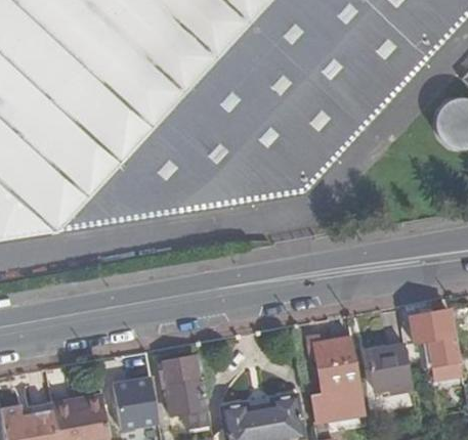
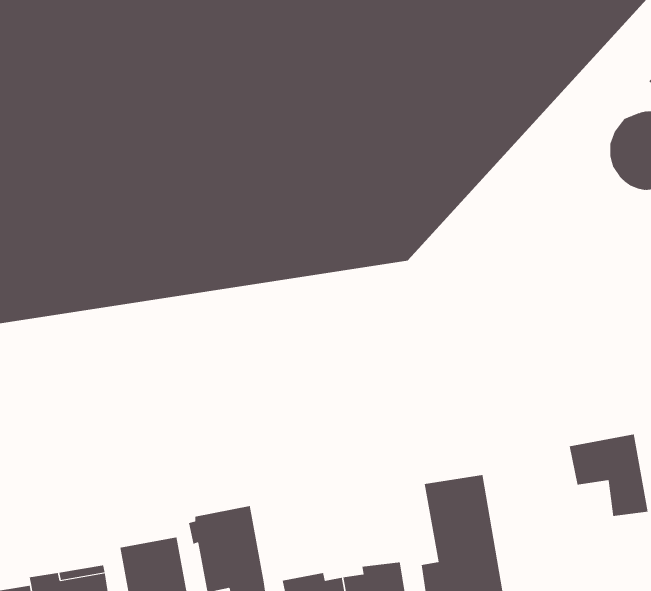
building: [366,342,411,390] -> none

